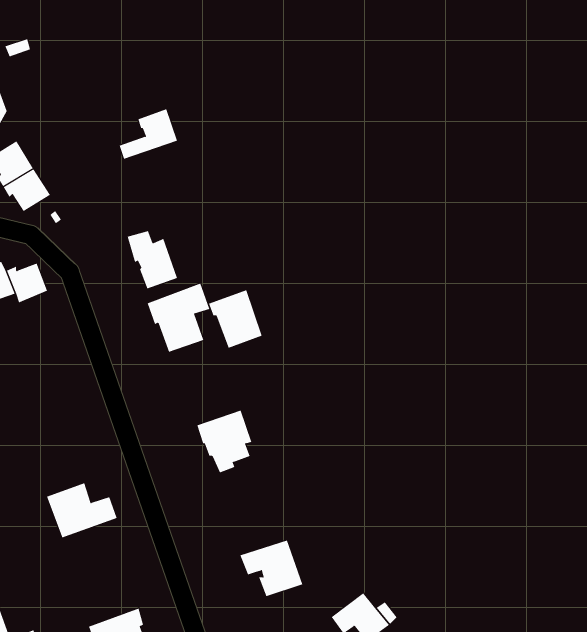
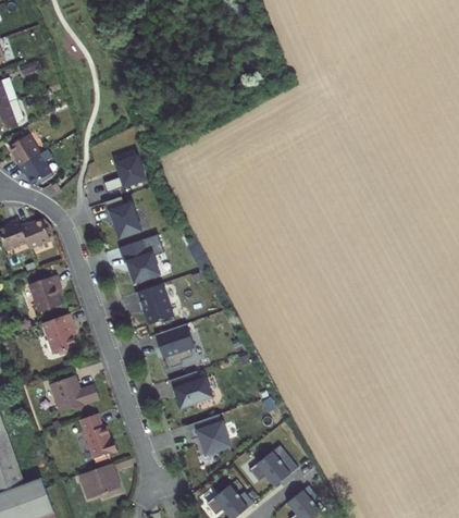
building: [119,108,178,159] -> [103,157,145,193]
building: [208,290,262,348] -> [135,283,173,324]
building: none -> [28,275,61,312]
building: none -> [42,313,76,354]
building: none -> [169,371,212,410]
building: none -> [79,414,116,464]

